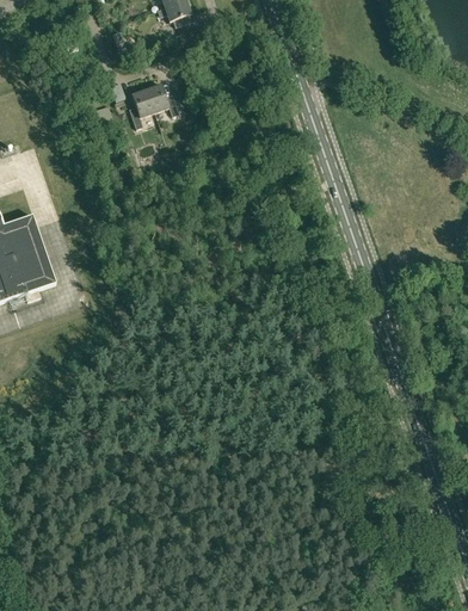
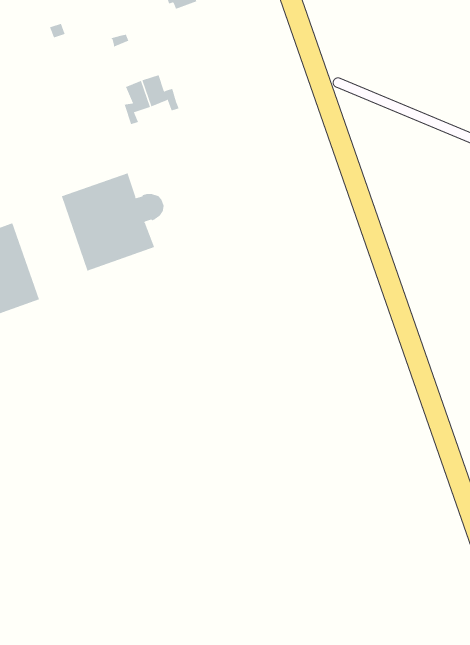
building: none -> [61,172,164,272]

